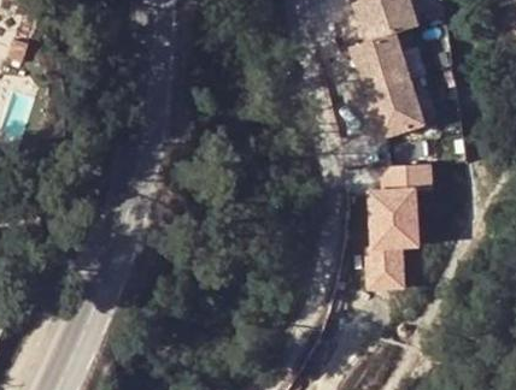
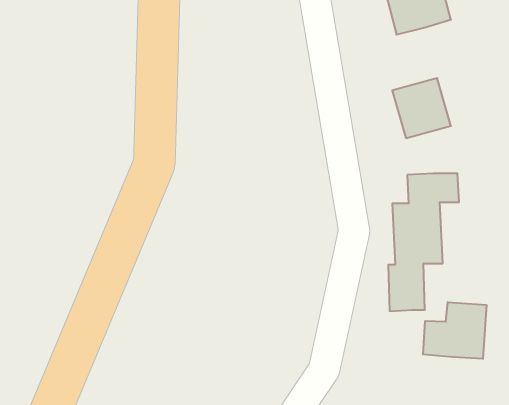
building: [362,36,414,91] -> none
building: none -> [423,302,486,359]

